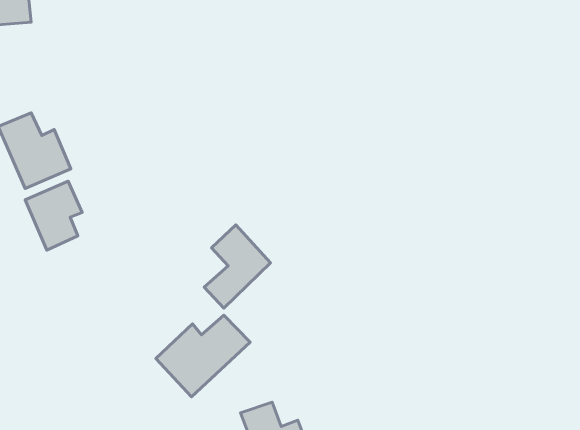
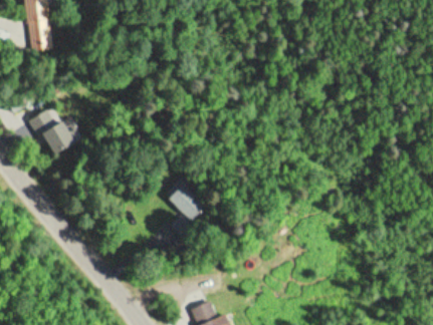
building: [25,181,82,250] -> none
building: [156,315,250,397] -> none

